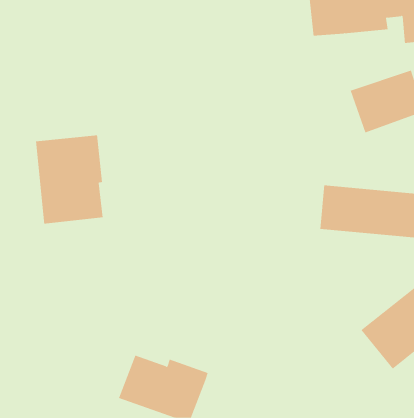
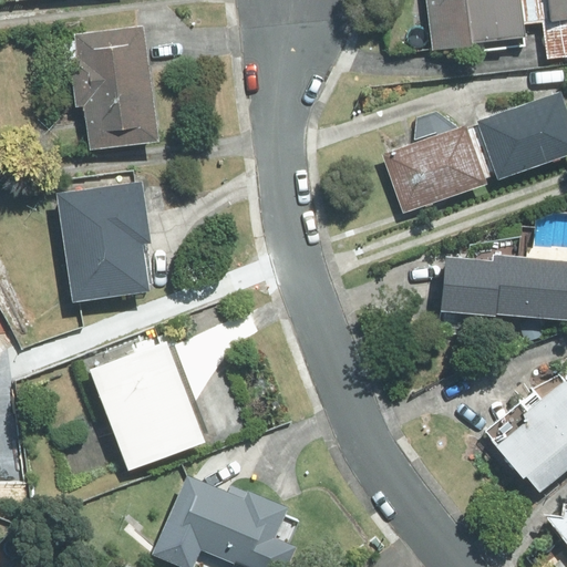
building: none -> [61,25,156,153]
building: none -> [388,126,487,210]
building: none -> [87,338,206,473]

